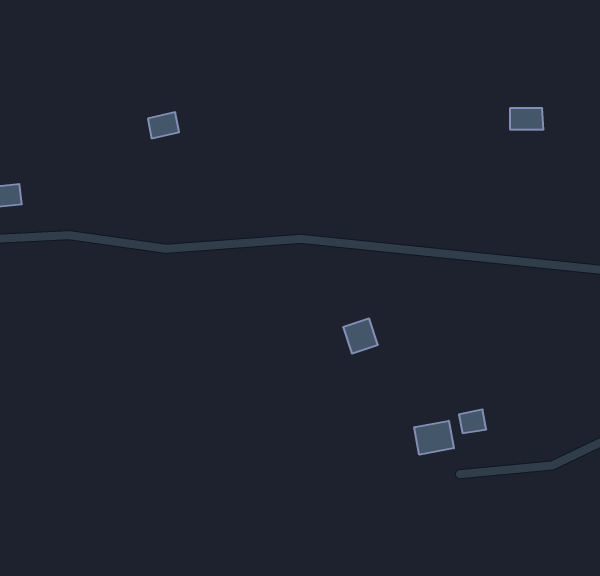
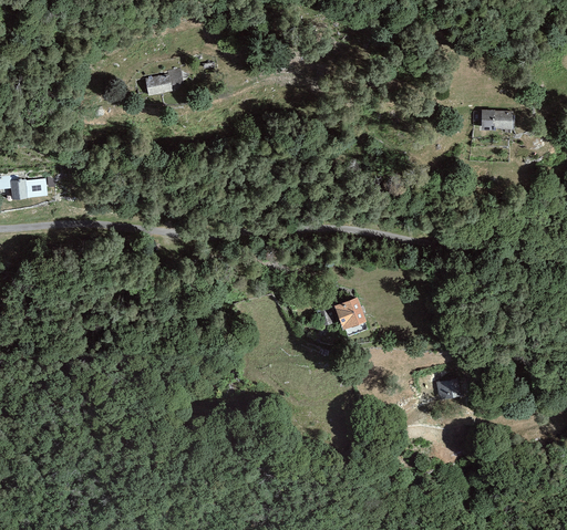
building: [148,112,179,138] -> [146,72,174,95]
building: [414,421,454,455] -> none

